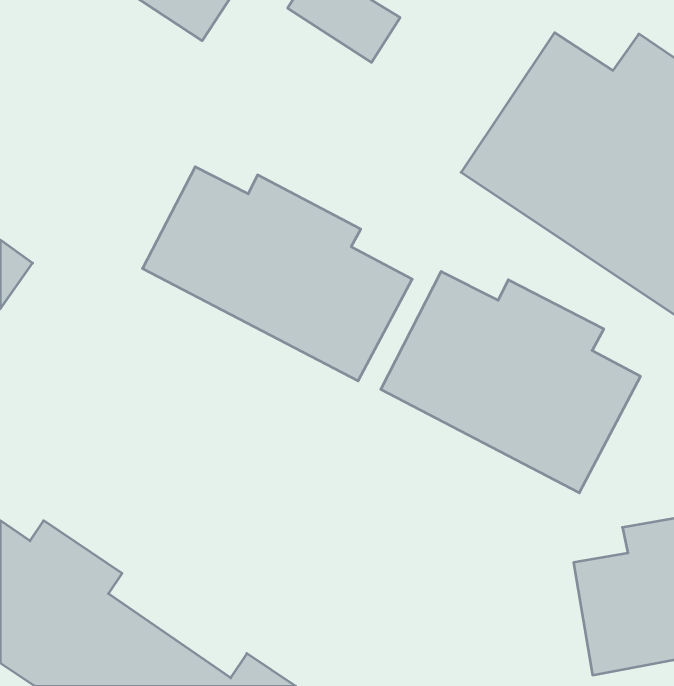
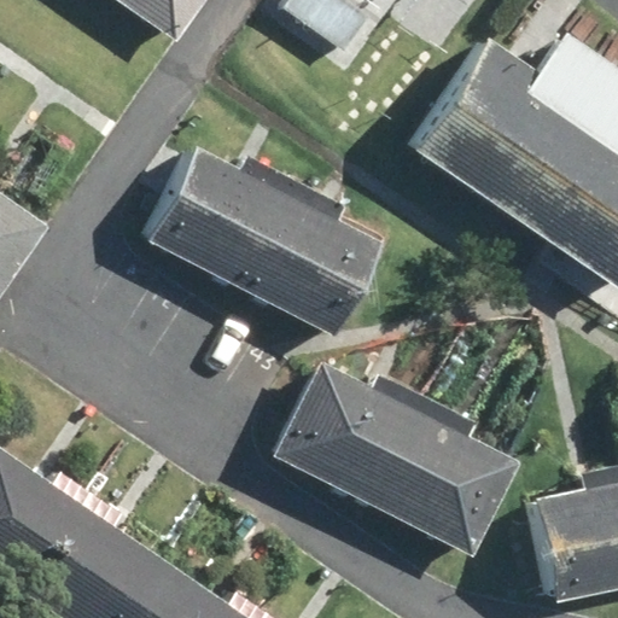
building: [381,271,640,493] -> none
building: none -> [267,365,515,558]

